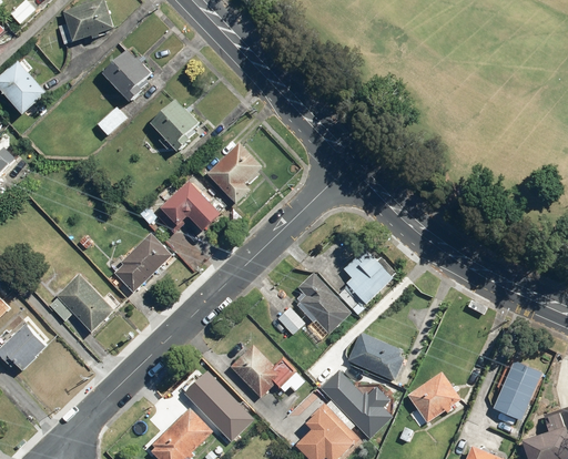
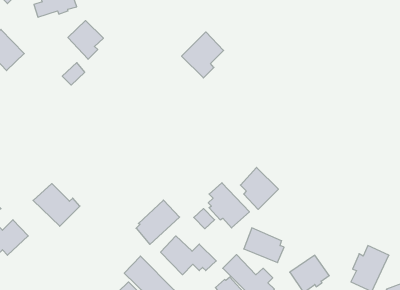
building: [151,96,200,150] -> none
building: [206,140,264,203] -> [182,32,224,78]
building: [156,177,226,232] -> none
building: [114,232,174,293] -> [136,200,180,244]

